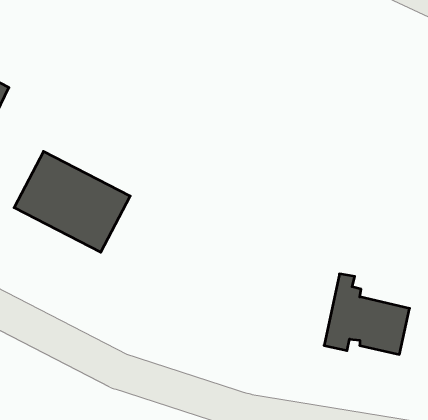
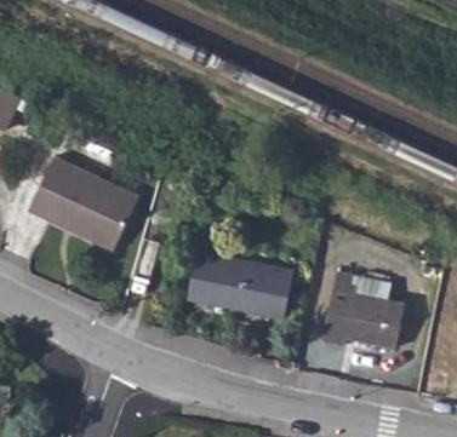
building: none -> [187,252,292,320]

